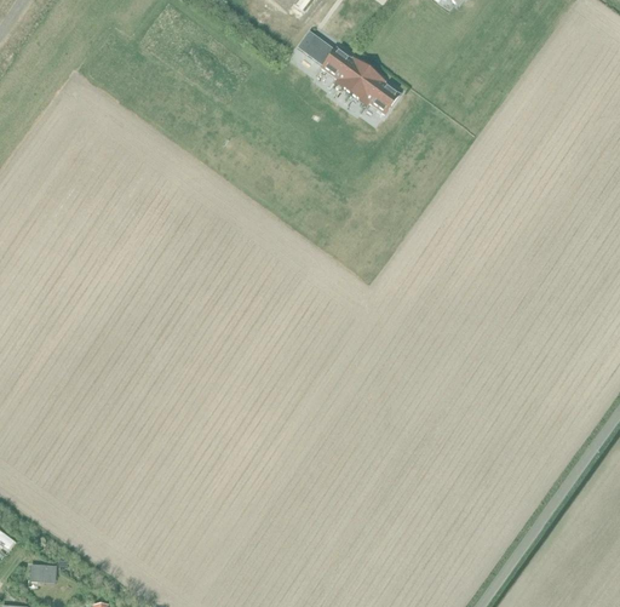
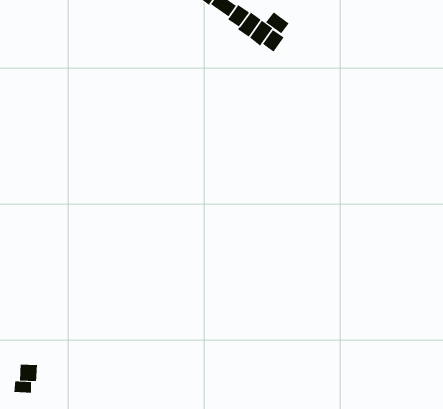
building: none -> [265,11,290,34]
building: none -> [19,364,37,382]

